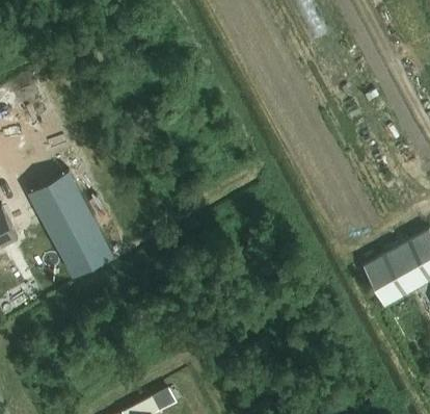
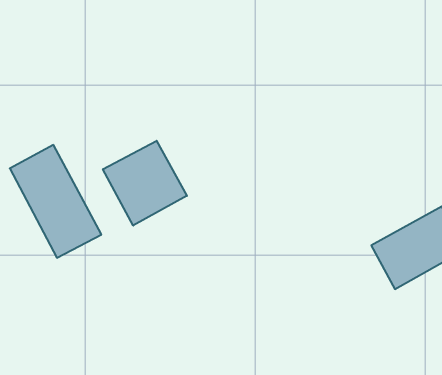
building: none -> [103,141,187,226]

